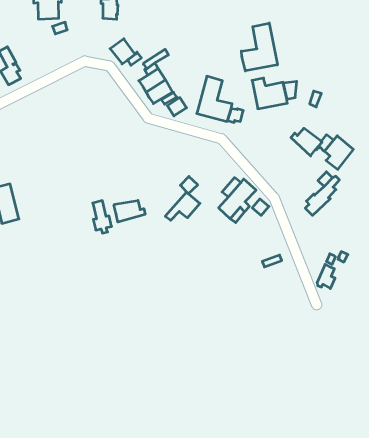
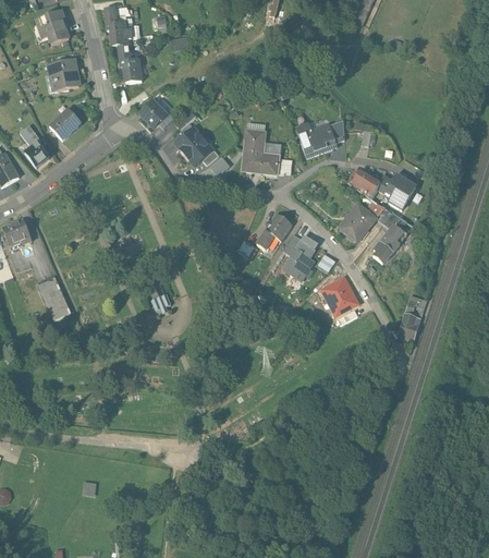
building: [241,23,277,71] -> none
building: none -> [50,114,81,144]
building: none -> [338,203,376,239]
building: [165,192,200,220] -> [257,213,292,245]
building: [114,200,145,222] -> none
building: none -> [320,275,358,314]

